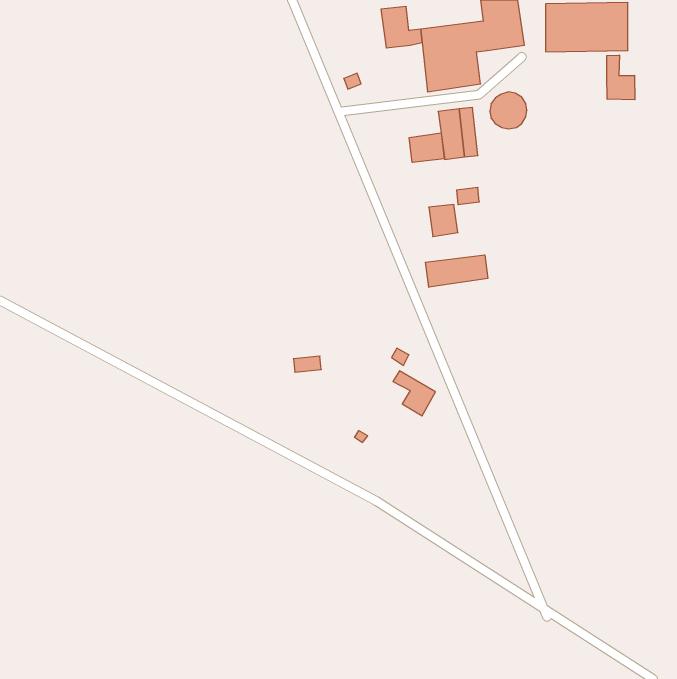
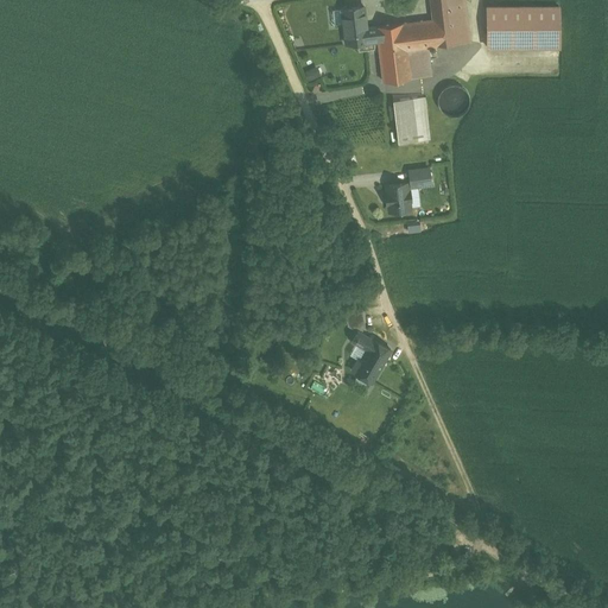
building: [607,55,635,100] -> none
building: [409,133,444,162] -> none
building: [425,255,488,287] -> none

